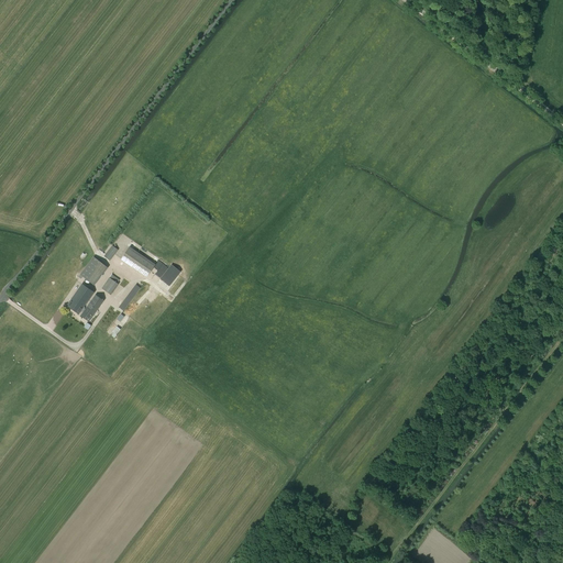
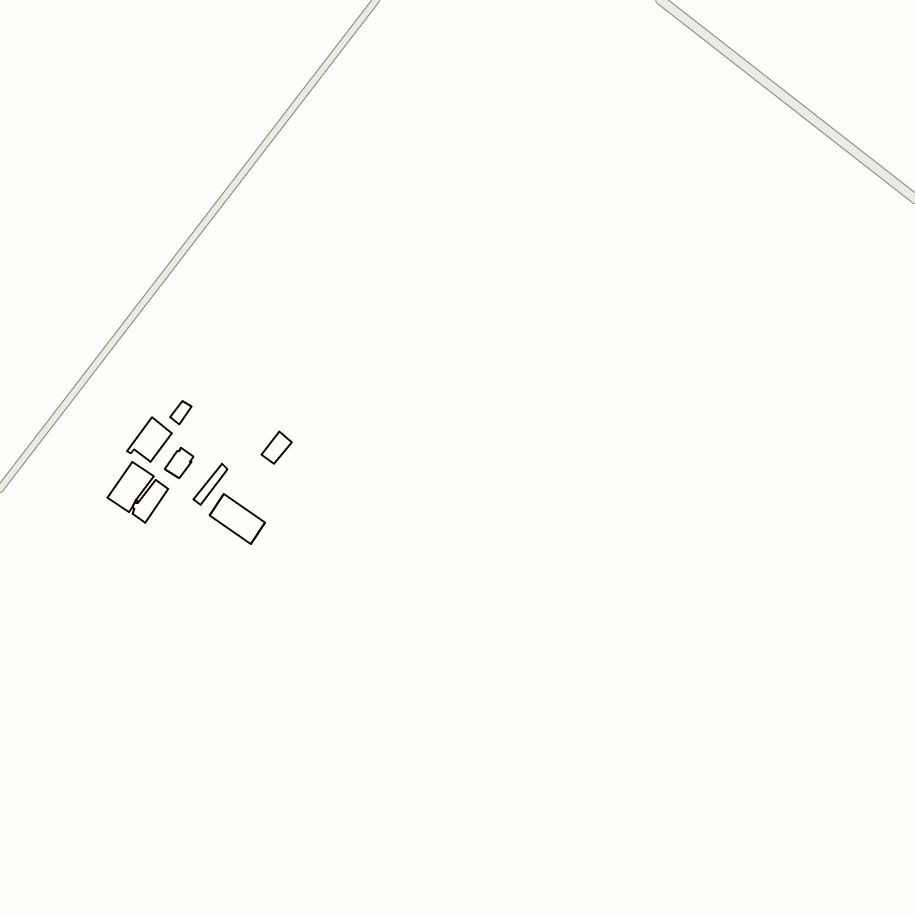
building: [121,246,155,277] -> [210,494,265,544]

